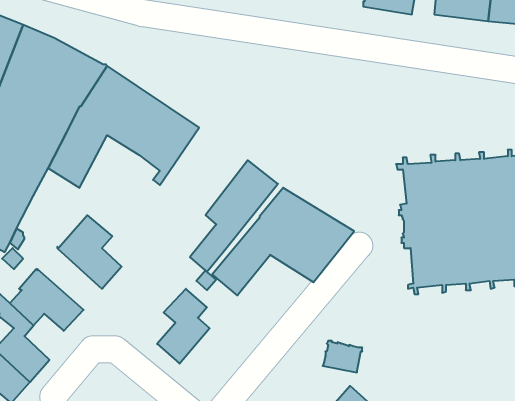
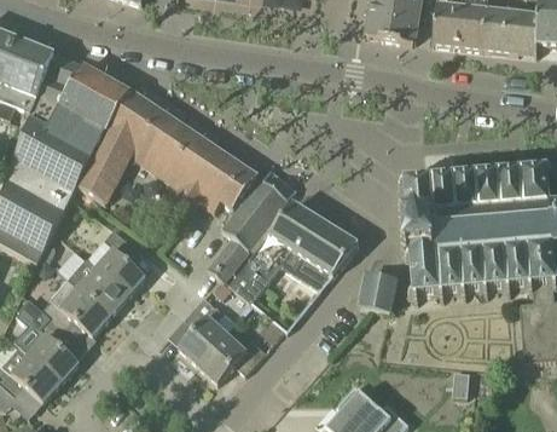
building: none -> [180,146,259,209]
building: none -> [68,258,127,315]
building: none -> [198,332,266,381]
building: [323,341,362,372] -> [359,282,395,311]

